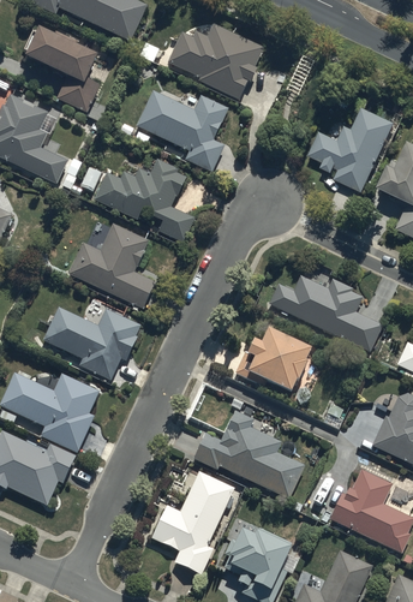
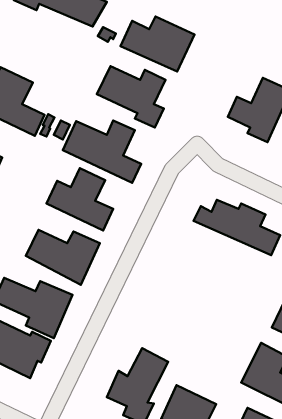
building: [26,36,103,114] -> none
building: [234,322,309,393] -> none
building: [193,405,303,494] -> none

